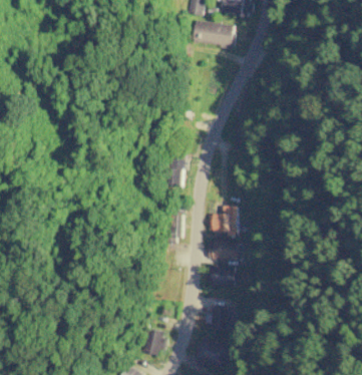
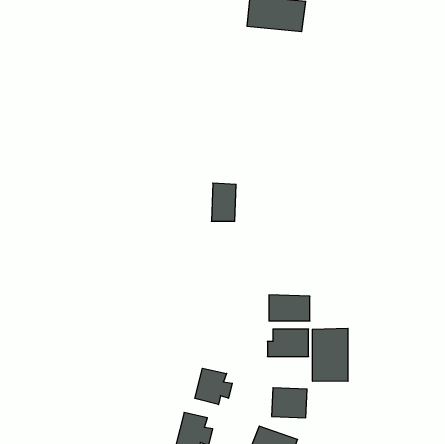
building: [210,206,239,236] -> none
building: none -> [312,328,348,381]
building: none -> [195,368,232,405]

